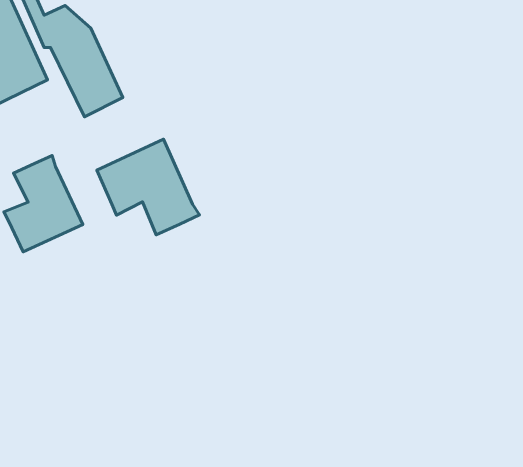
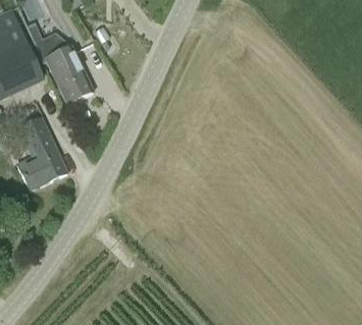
building: [97,139,200,235] -> none

